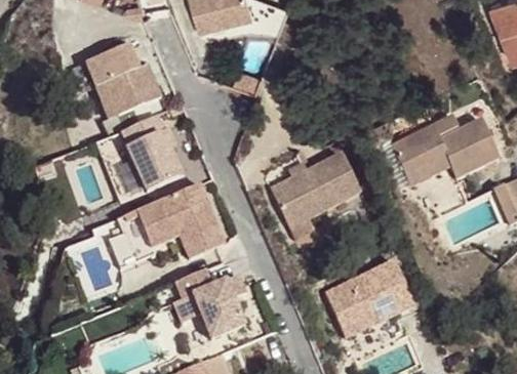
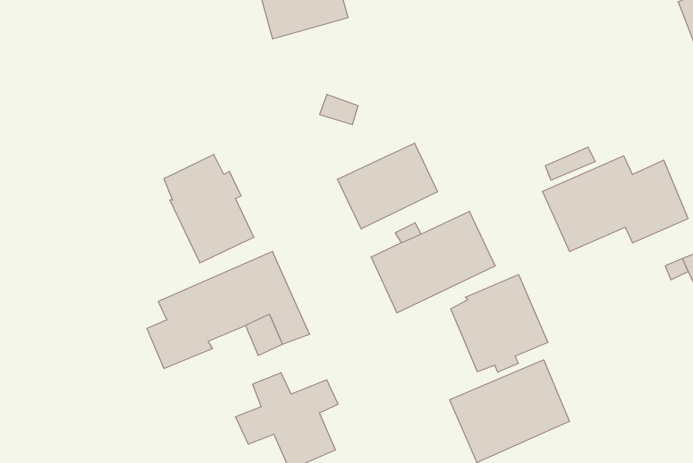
building: [85,44,162,118] -> none
building: none -> [337,143,437,229]
building: none -> [451,275,548,372]

